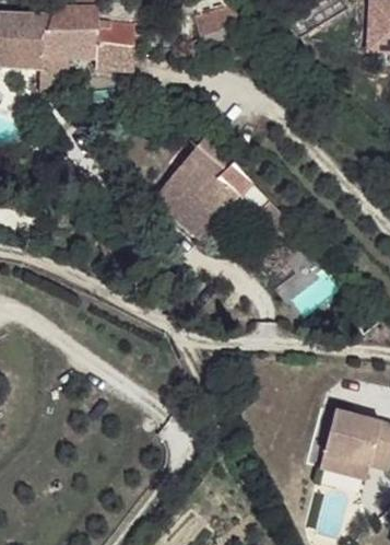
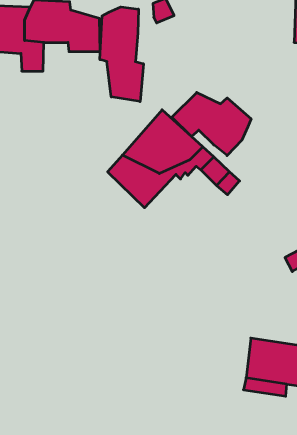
building: none -> [100,7,143,102]
building: none -> [172,92,251,156]

